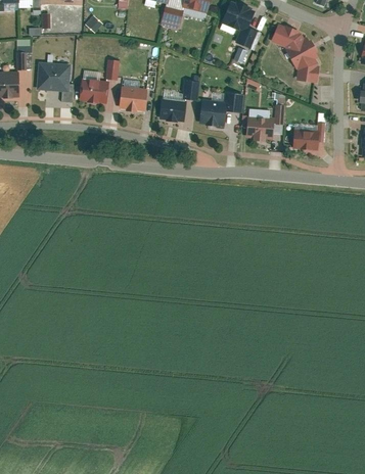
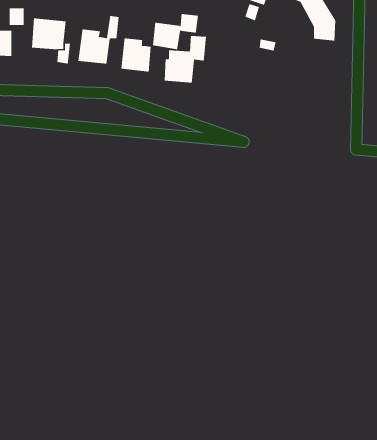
building: [200,93,243,127] -> [152,13,199,50]
building: [247,93,285,137] -> none
building: [292,114,330,151] -> none

